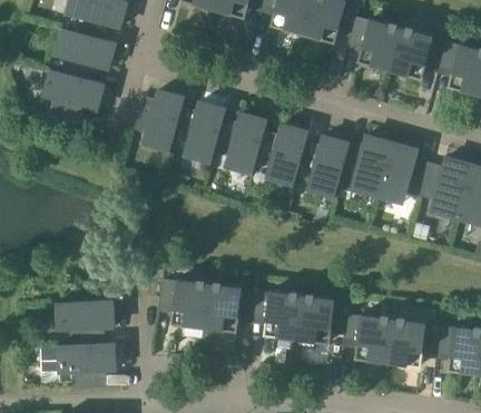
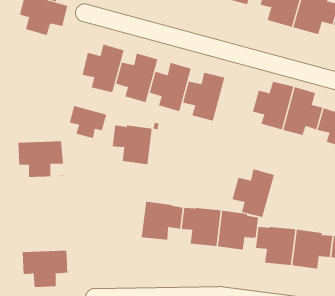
building: [43,70,104,122] -> none
building: [293,132,349,197] -> [229,165,275,218]
building: none -> [69,105,107,139]
building: [159,279,209,328] -> [112,125,153,165]
building: [57,301,114,346] -> [17,141,64,178]

